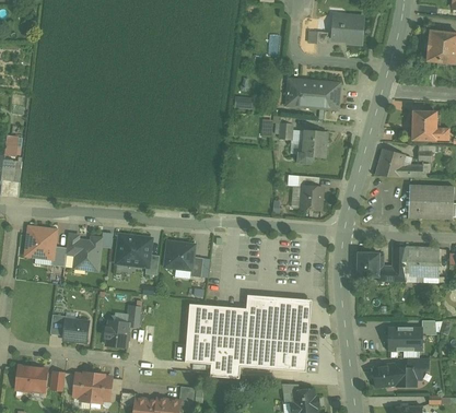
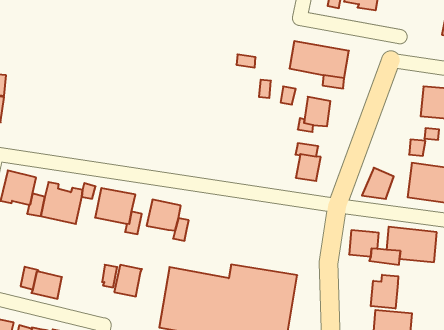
building: [375,148,404,176] -> [362,168,394,199]
building: none -> [371,275,398,309]
building: [105,320,129,349] -> [114,265,142,296]

